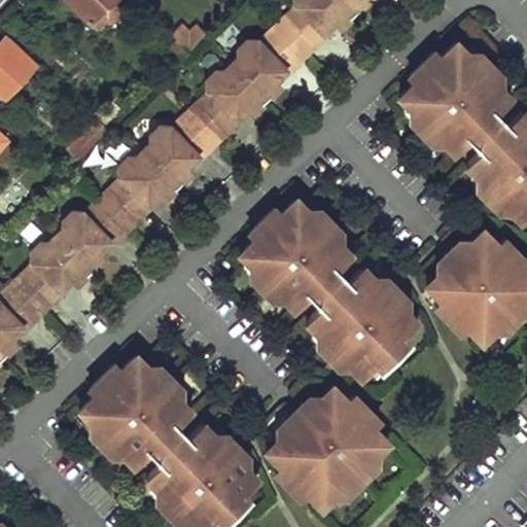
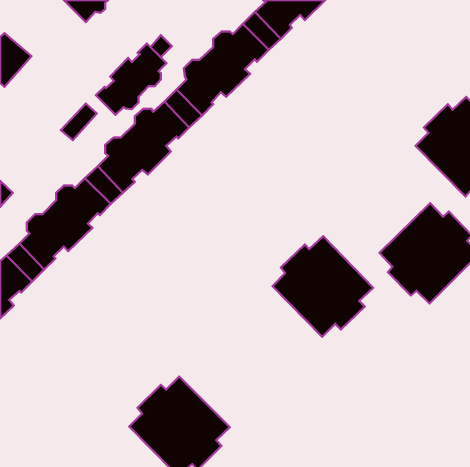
building: [398,44,510,155] -> none
building: none -> [96,43,167,115]
building: [239,201,350,312] -> none
building: [78,357,190,469] -> none
building: [266,389,387,511] -> none

